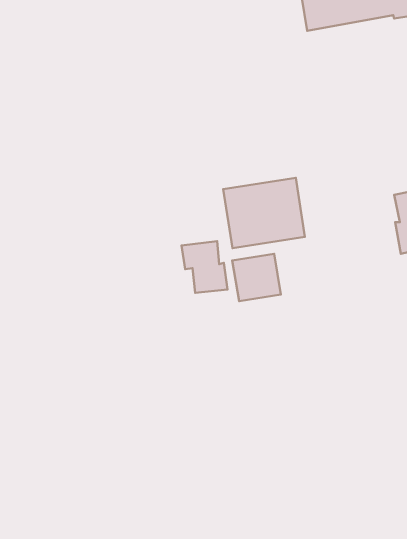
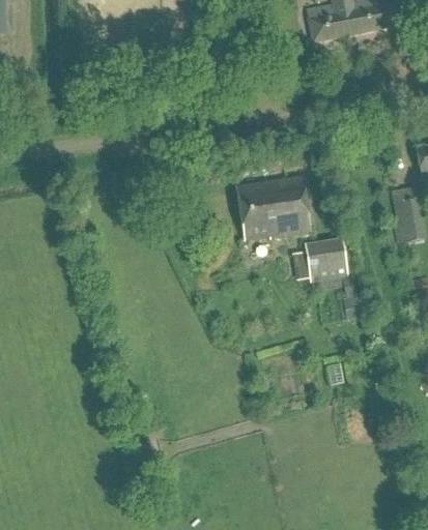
building: [181,241,227,293] -> none
building: [232,254,281,301] -> [304,239,348,283]

